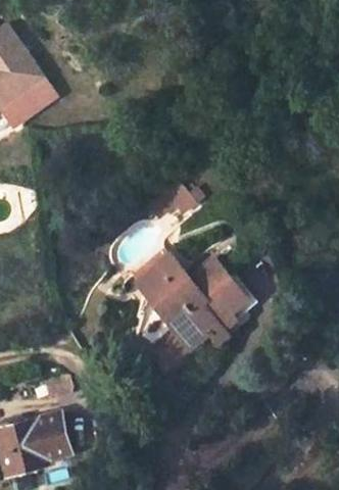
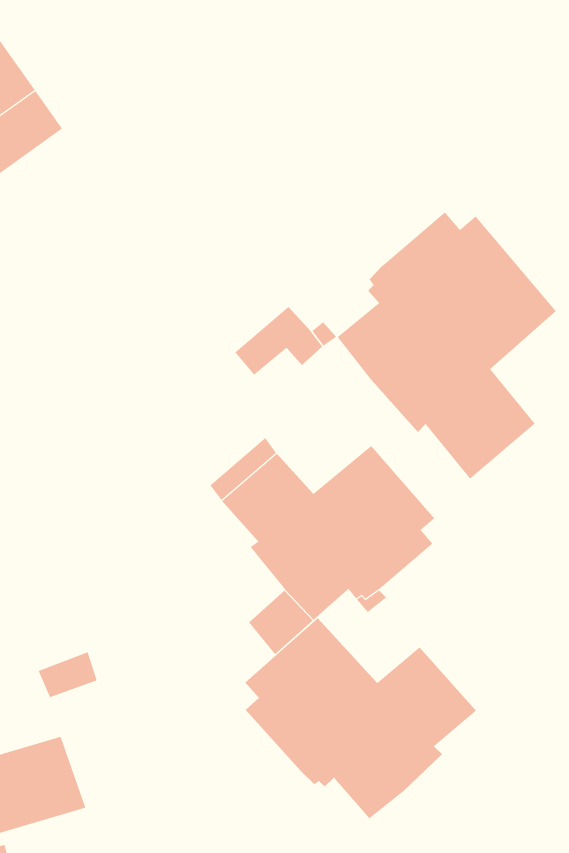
building: none -> [337,212,556,479]
building: none -> [244,617,477,819]

